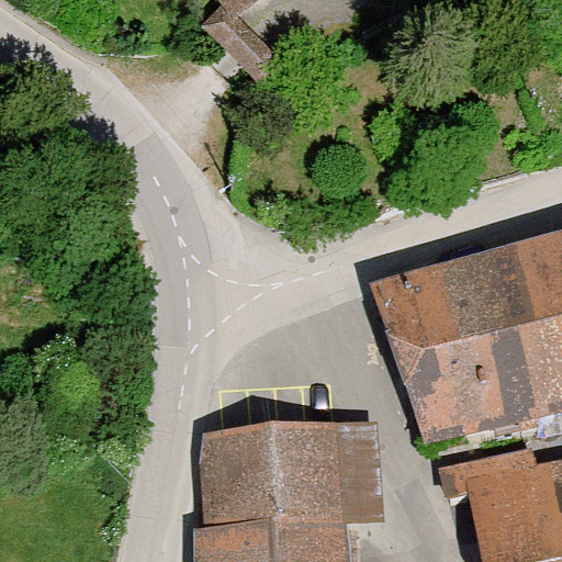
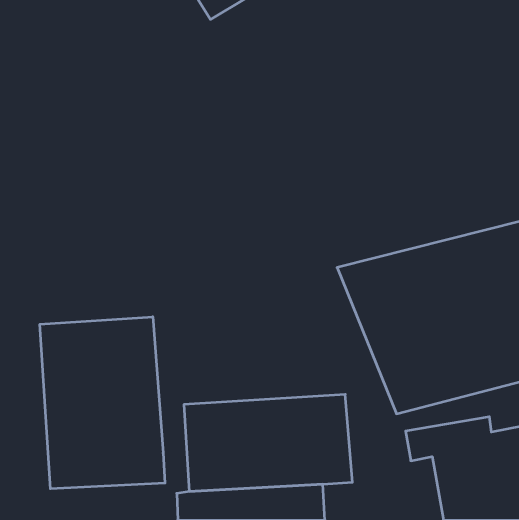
building: none -> [40,317,165,489]

